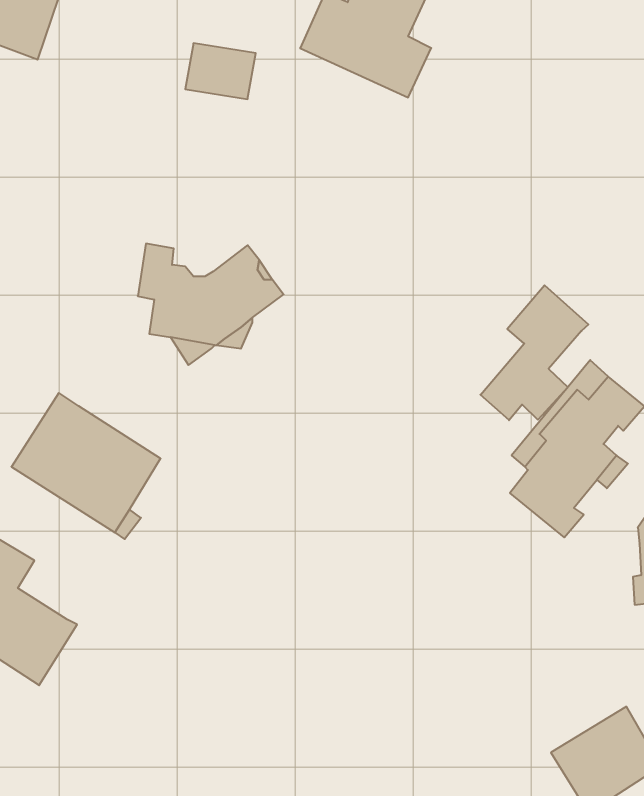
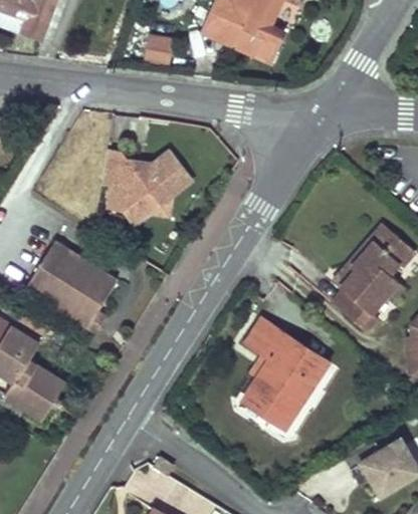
building: [480,285,588,420] -> none
building: none -> [241,316,331,430]

